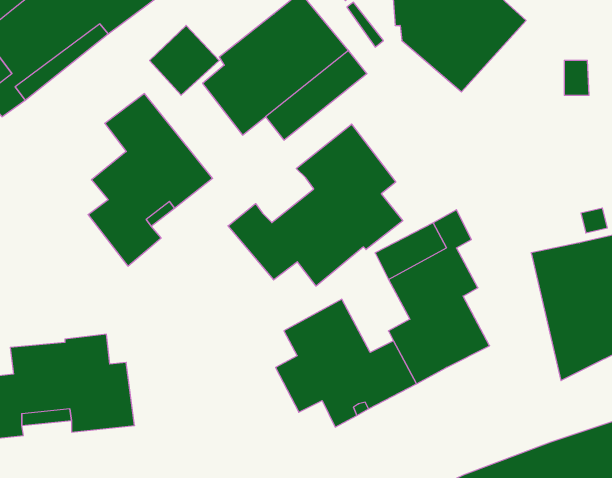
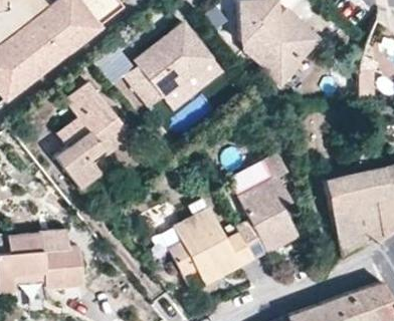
building: [228,124,403,286] -> none

